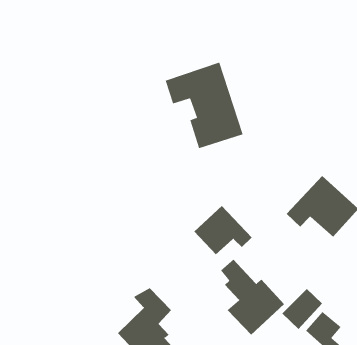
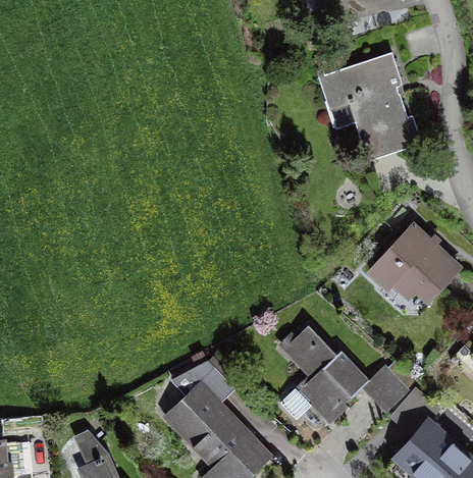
building: [165,62,243,149] -> [324,54,419,159]
building: [194,205,253,255] -> none

